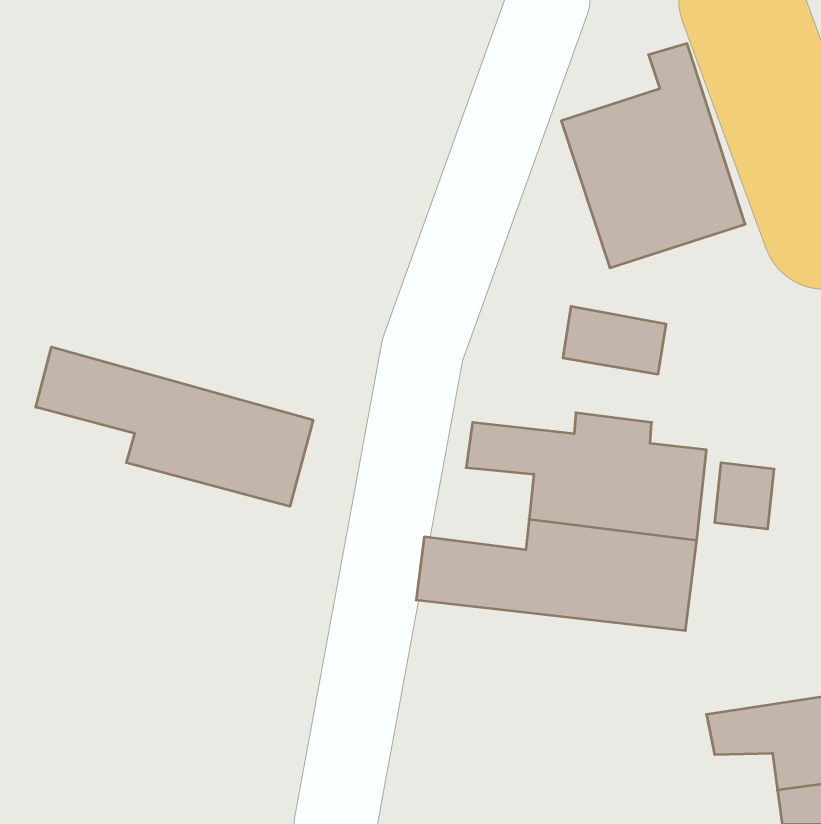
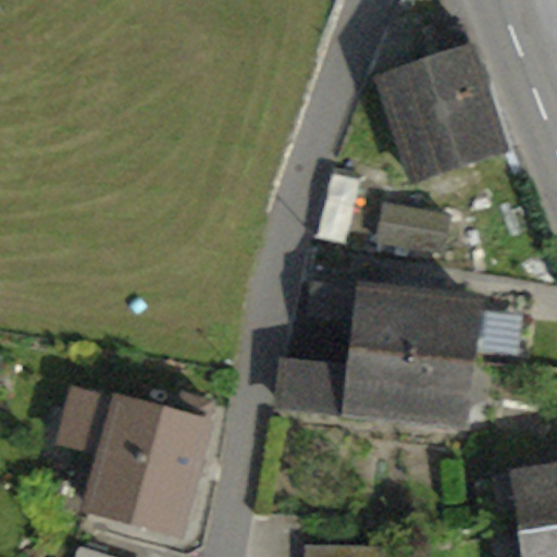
building: [36,347,313,506] -> none
building: none -> [63,393,214,533]

